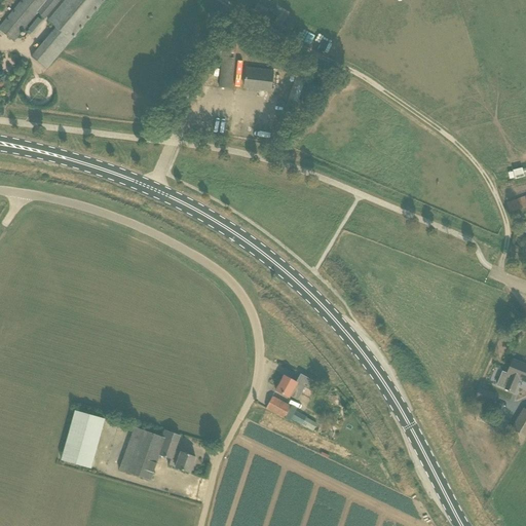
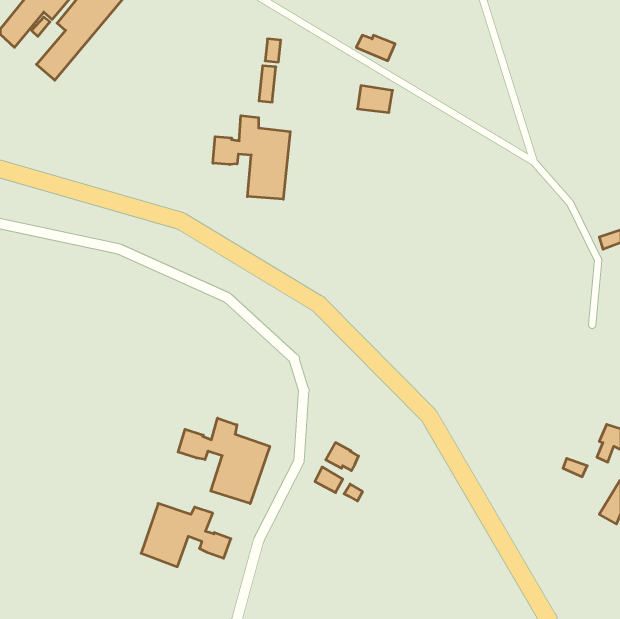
building: [245,66,274,88] -> [357,86,393,112]
building: none -> [213,116,290,199]
building: none -> [178,418,270,504]
building: [61,408,104,466] -> none

